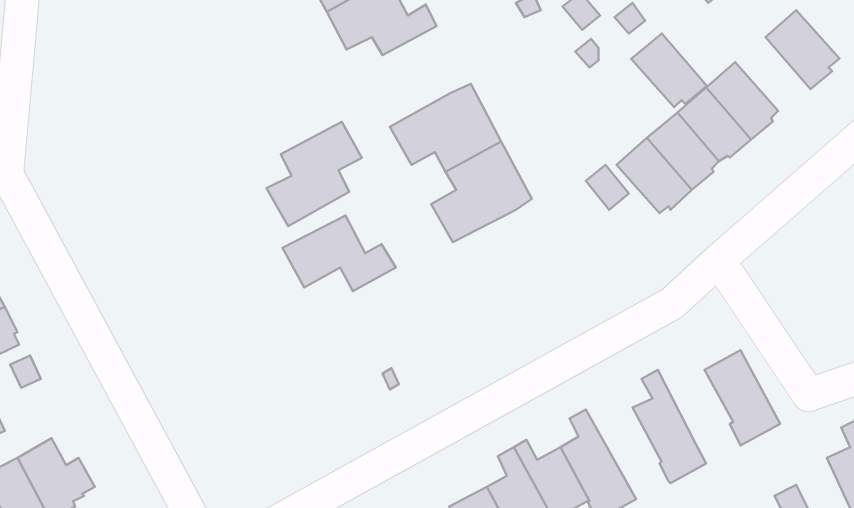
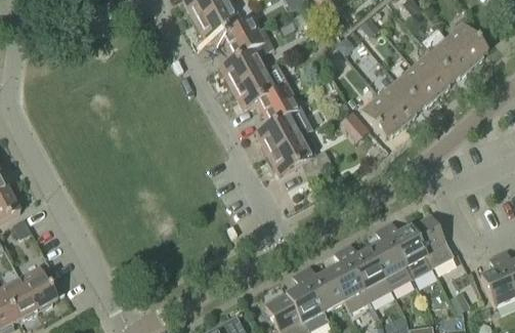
building: [631,34,707,107] -> [428,37,471,79]
building: [266,122,362,226] -> [219,29,273,88]
building: [283,215,396,291] -> [267,135,332,178]
building: none -> [384,222,431,280]
building: none -> [343,245,390,300]

